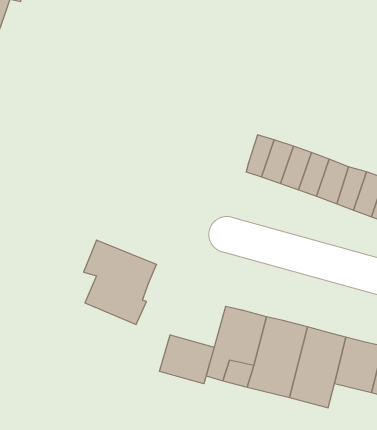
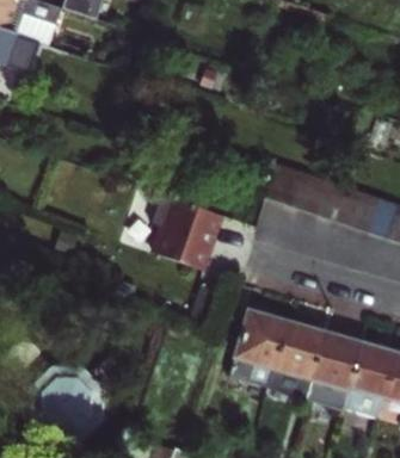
building: [84,240,157,325] -> [148,198,216,277]
building: [160,335,214,384] -> none

